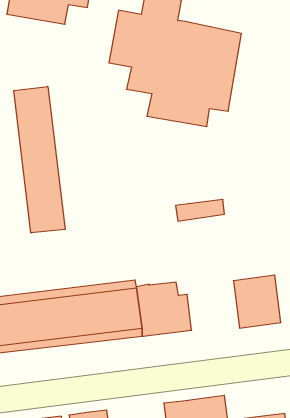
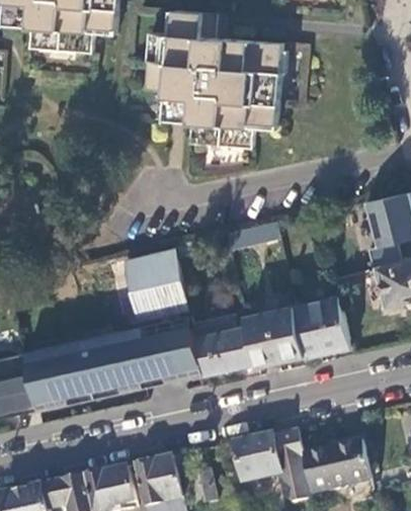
building: [14,86,65,233] -> none
building: none -> [118,249,183,315]
building: none -> [246,307,307,366]

